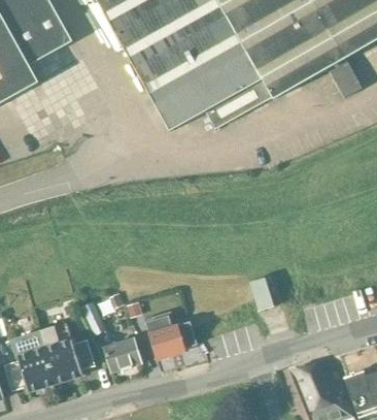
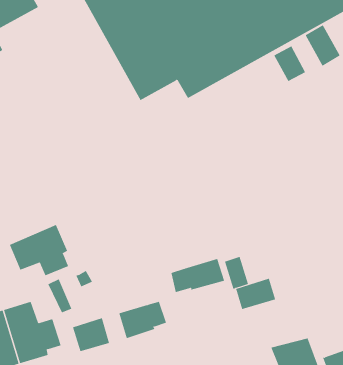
building: none -> [274,45,306,82]
building: none -> [9,224,69,276]
building: none -> [171,258,225,293]
building: none -> [236,278,276,310]

